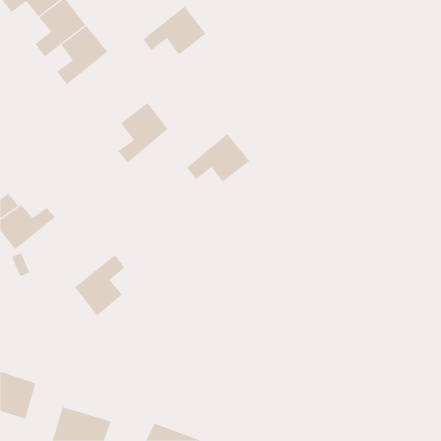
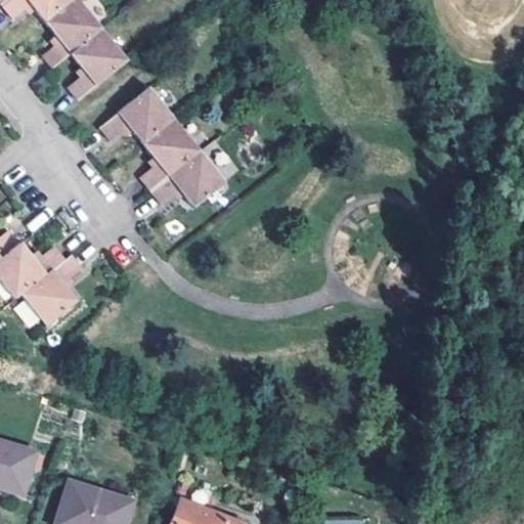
building: [142,6,206,55] -> [99,88,175,146]
building: [186,133,250,182] -> [150,152,226,211]
building: [74,255,125,316] -> [23,253,83,325]

